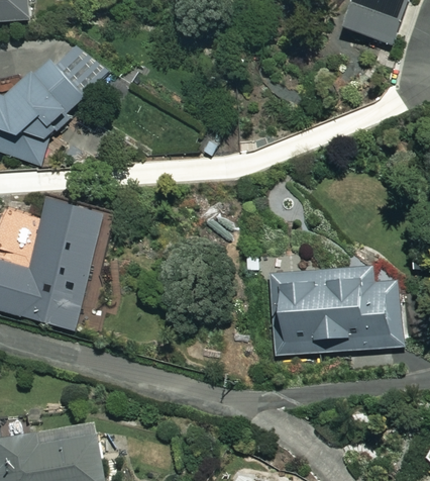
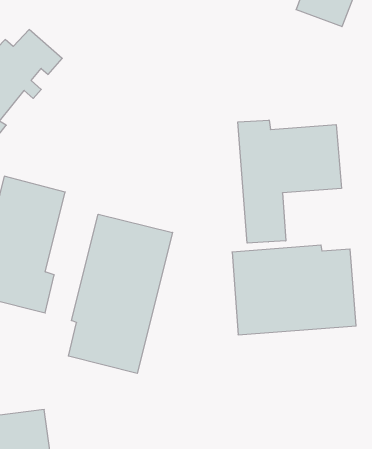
building: none -> [238,120,341,243]
building: none -> [68,214,173,373]

